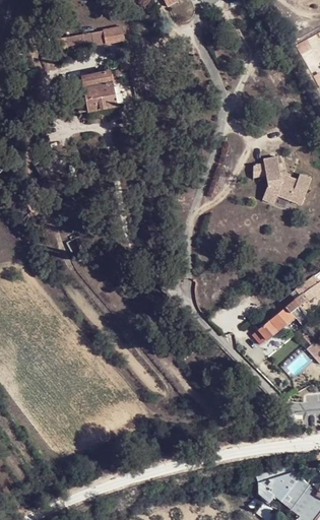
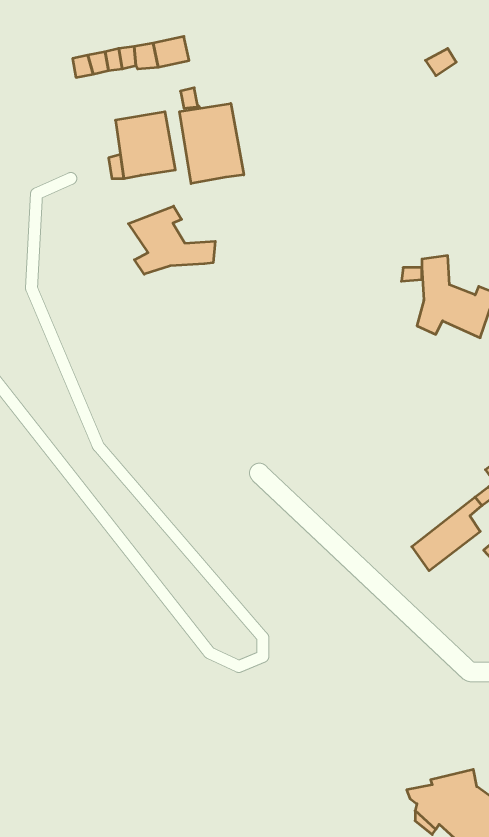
building: none -> [180,103,244,184]
building: none -> [128,206,215,274]

